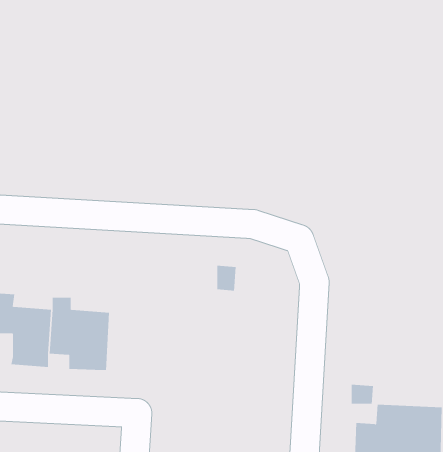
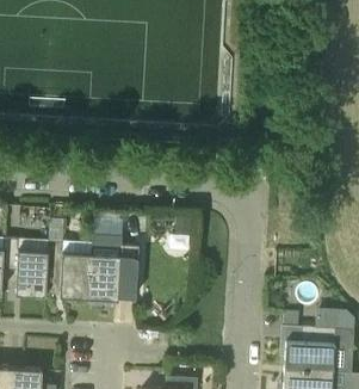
building: none -> [91,235,138,300]

